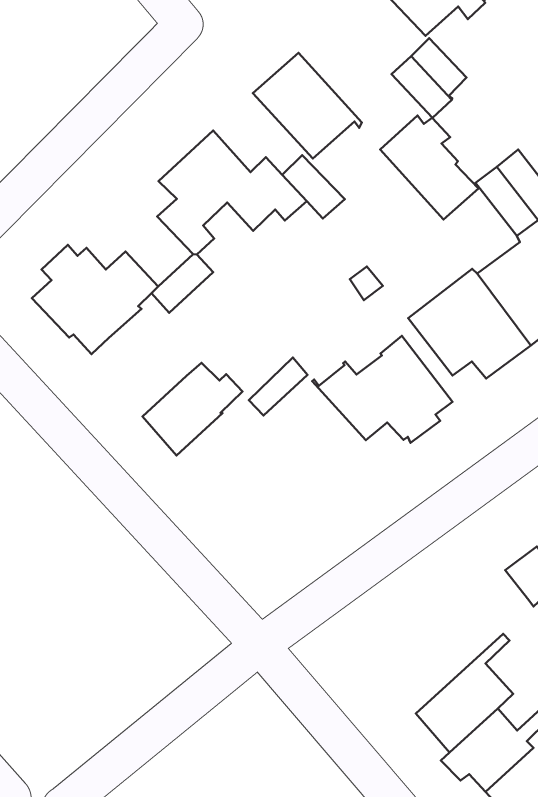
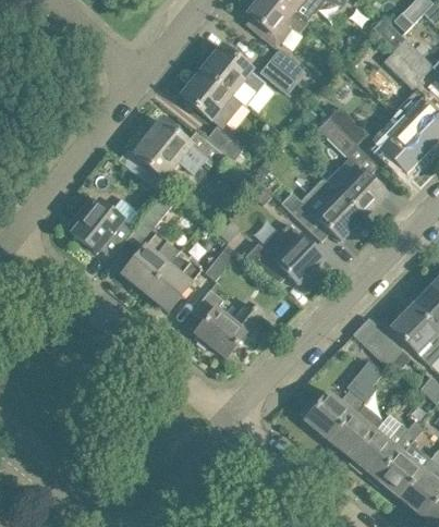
building: [380,115,478,219] -> [204,45,264,102]
building: none -> [121,232,178,291]
building: none -> [191,289,260,356]
building: none -> [300,381,371,439]

